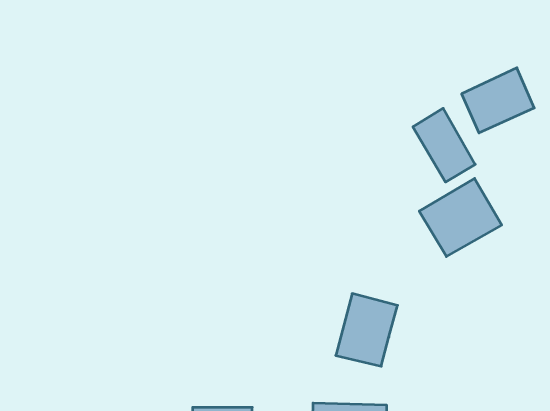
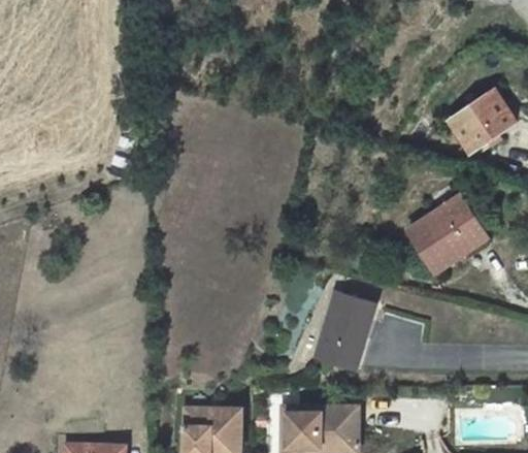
building: [413,108,475,182] -> none

